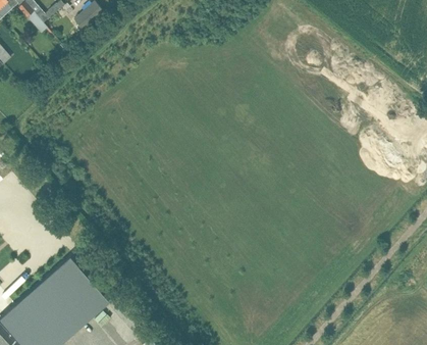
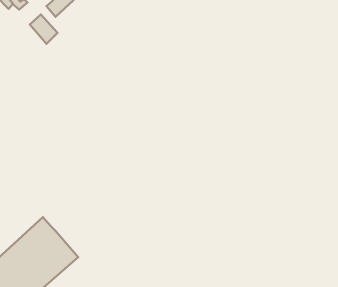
building: none -> [30,15,58,44]

